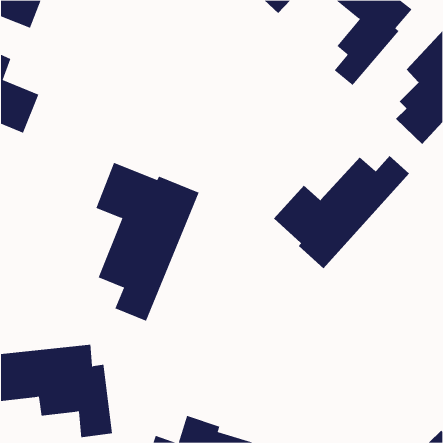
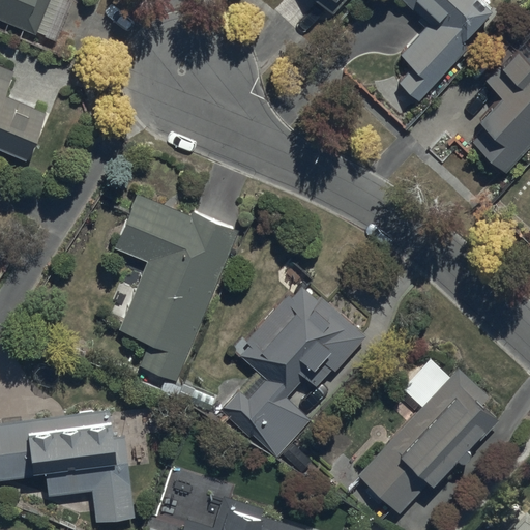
building: [273,155,410,269] -> none
building: none -> [217,287,367,463]
building: none -> [357,358,498,517]

